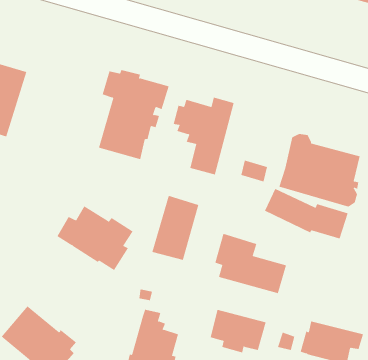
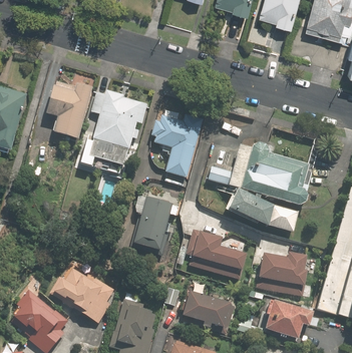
building: none -> [46,80,93,138]
building: [56,205,134,271] -> [50,267,115,322]
building: none -> [257,252,308,295]

